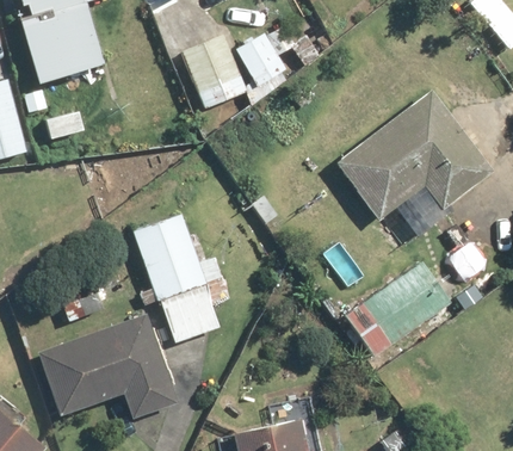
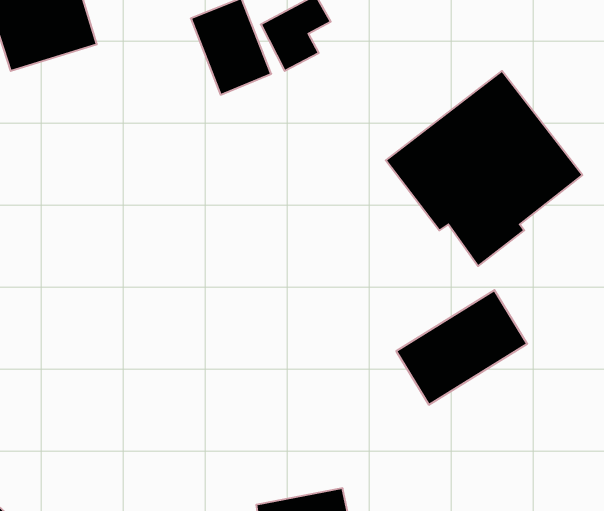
building: [131,216,229,344] -> none
building: [37,316,173,420] -> none

